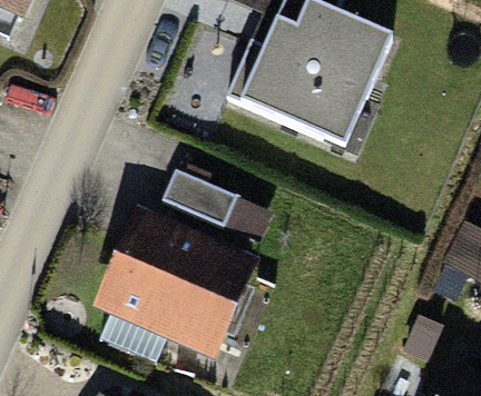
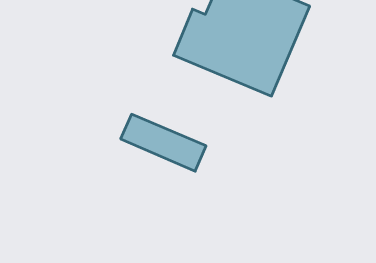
building: [105,225,246,353] -> none

